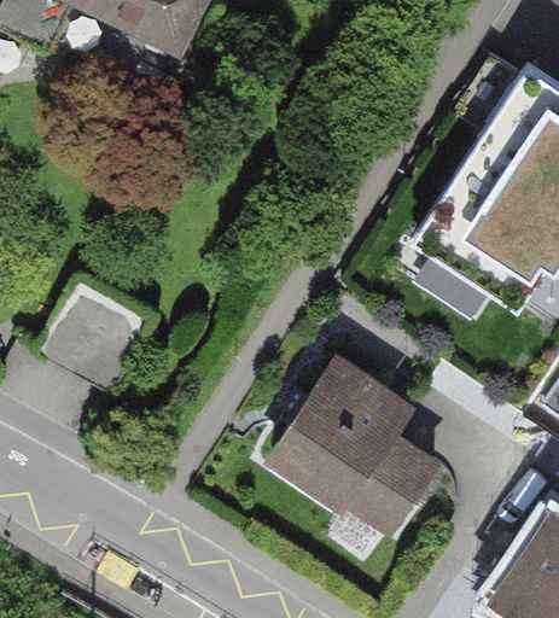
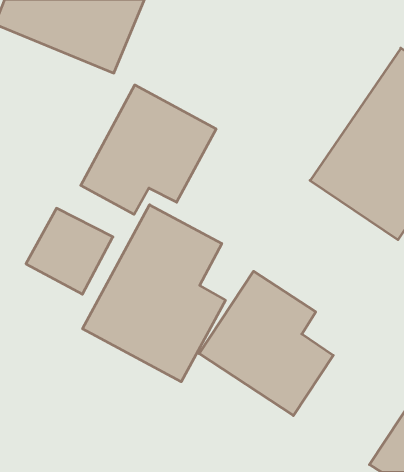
building: none -> [81,85,216,214]
building: none -> [83,205,225,382]

